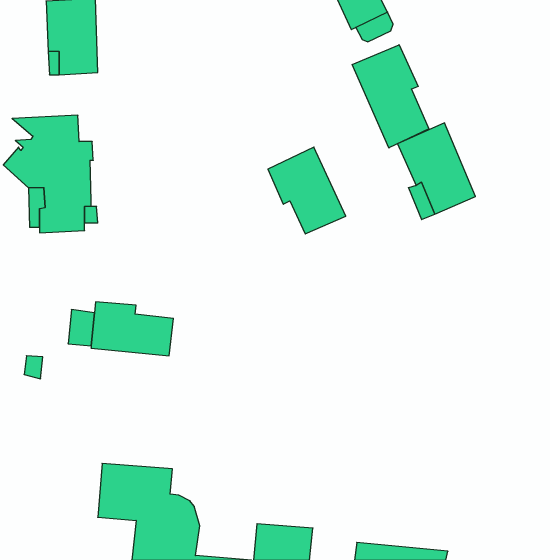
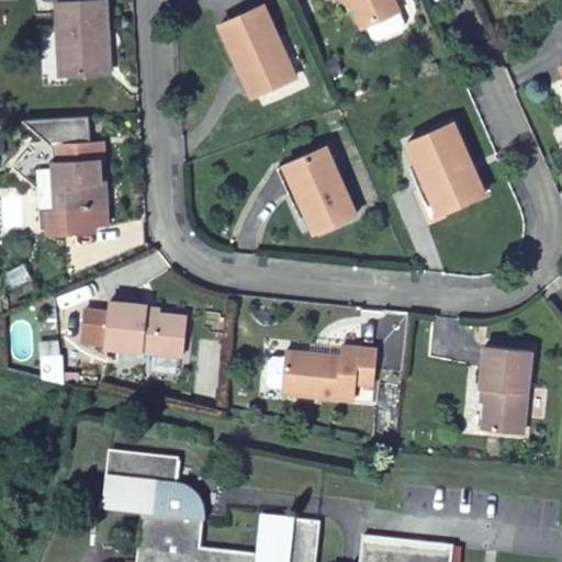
building: none -> [218,5,295,95]
building: [352,45,429,148] -> none
building: none -> [263,345,375,401]
building: none -> [482,346,532,432]

